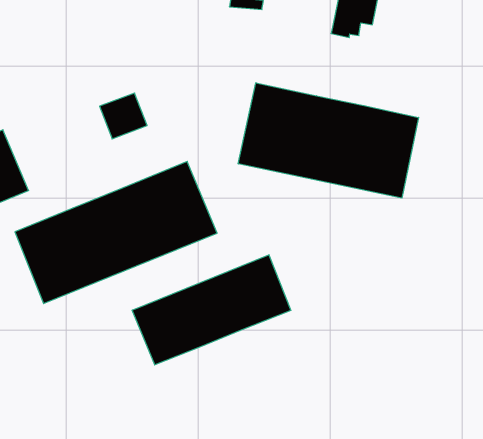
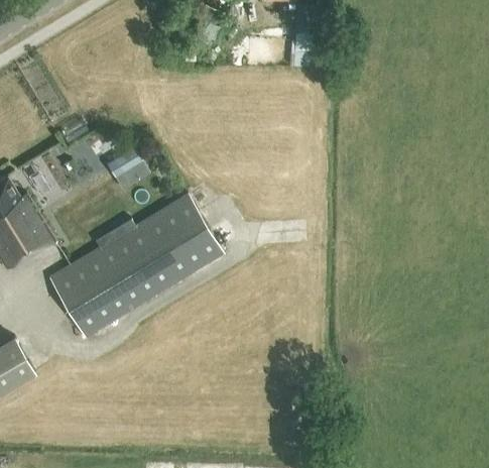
building: [238,83,419,198] -> none
building: [132,255,291,365] -> none

